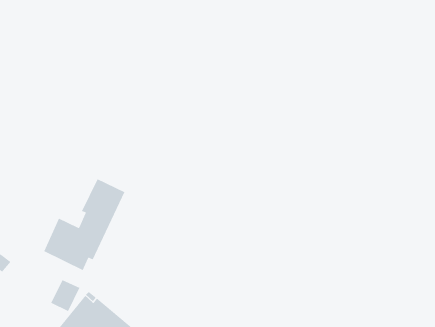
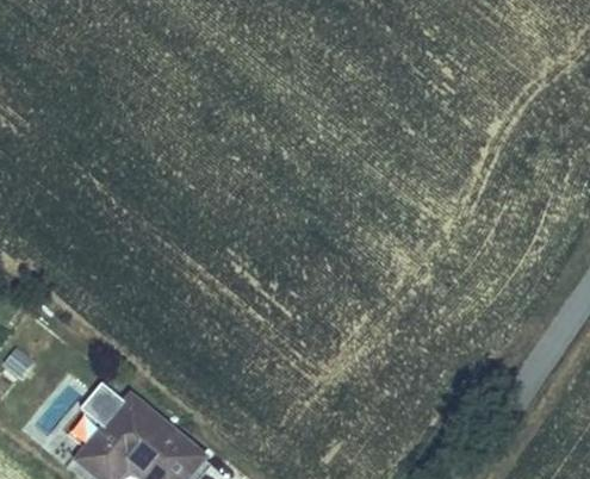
building: [43,178,126,271] -> none

